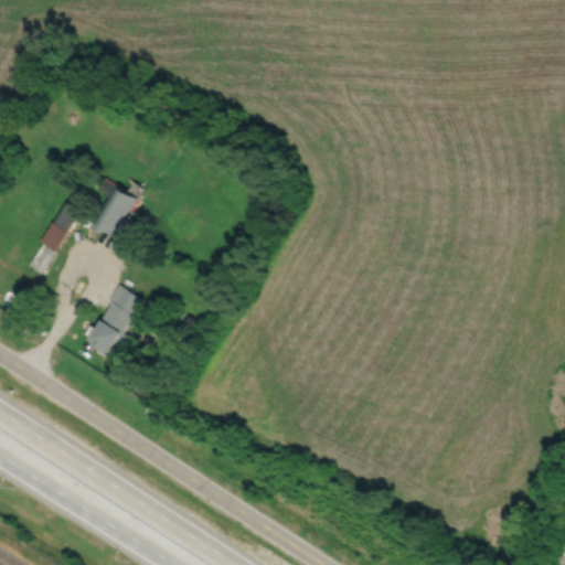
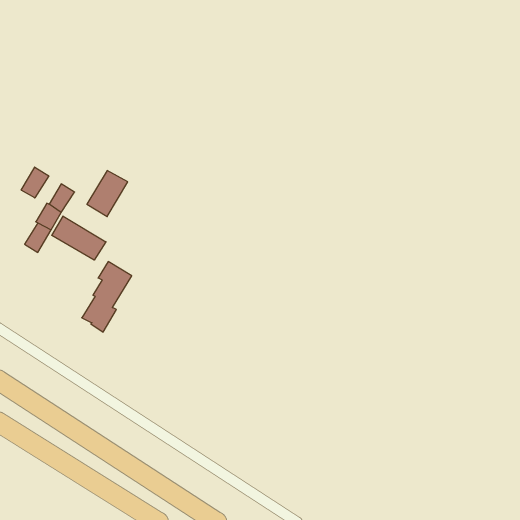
building: none -> [21,167,49,198]
building: none -> [52,216,106,260]

